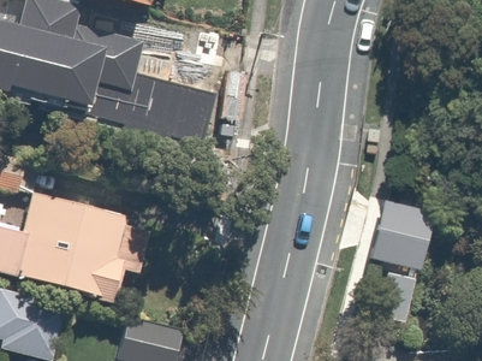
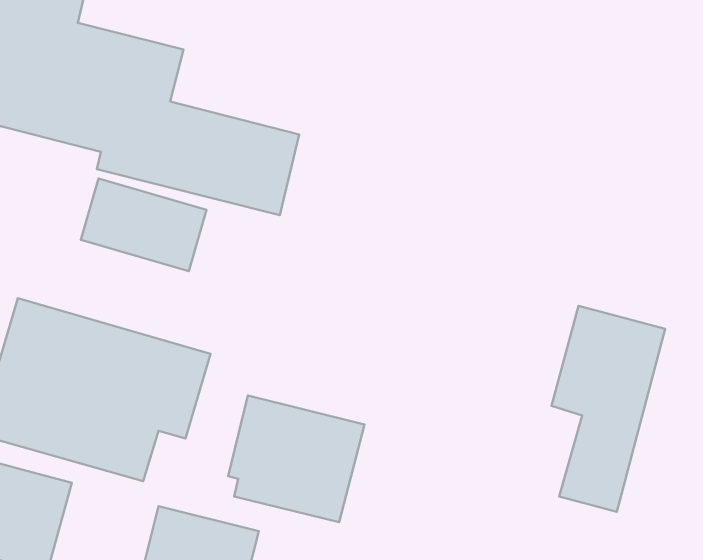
building: none -> [81,179,207,271]
building: none -> [228,395,365,522]

